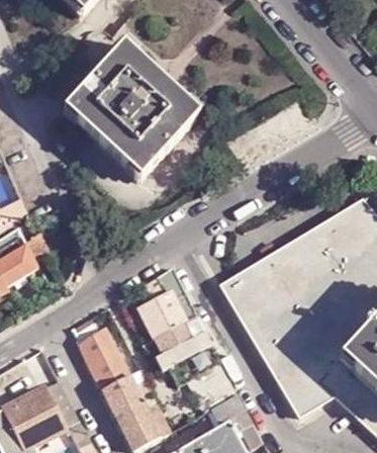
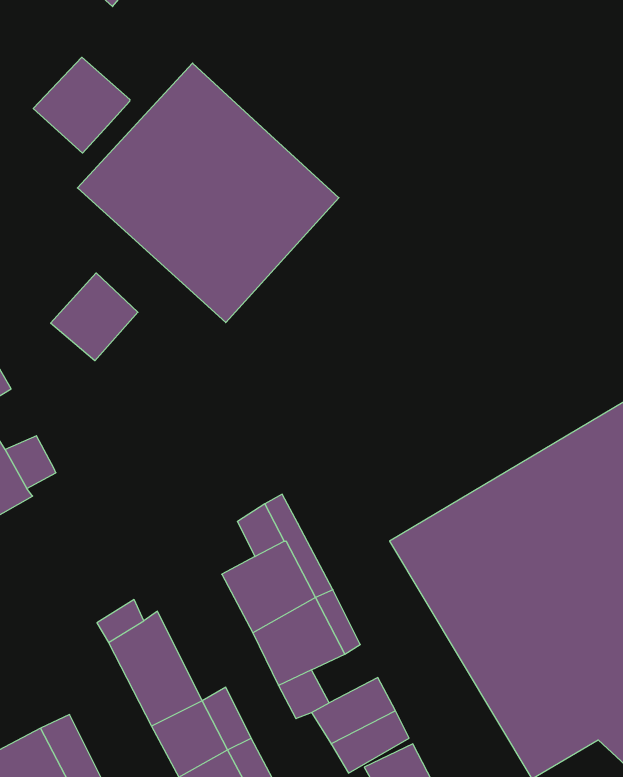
building: none -> [33,57,130,153]
building: none -> [51,273,138,361]

